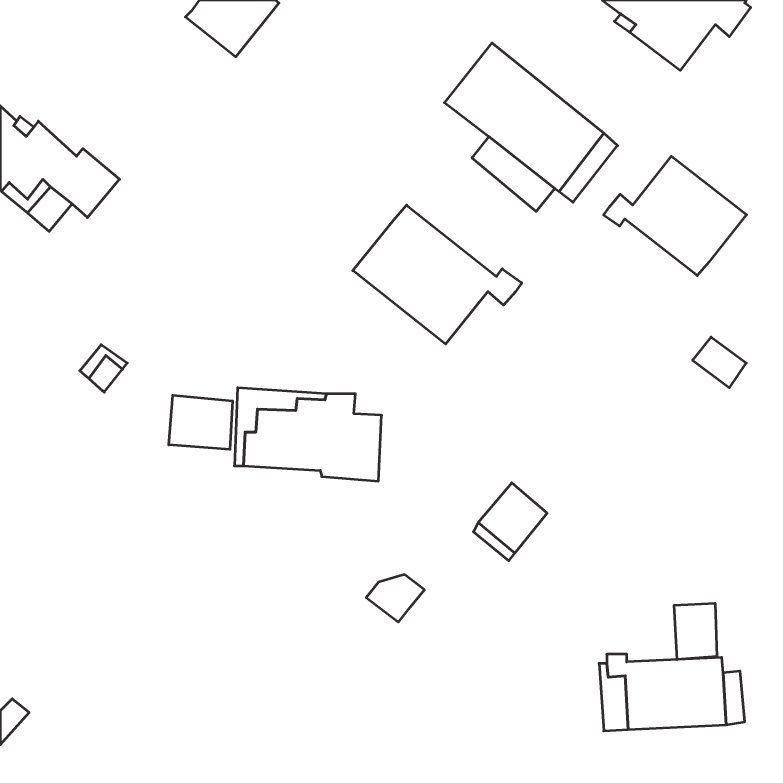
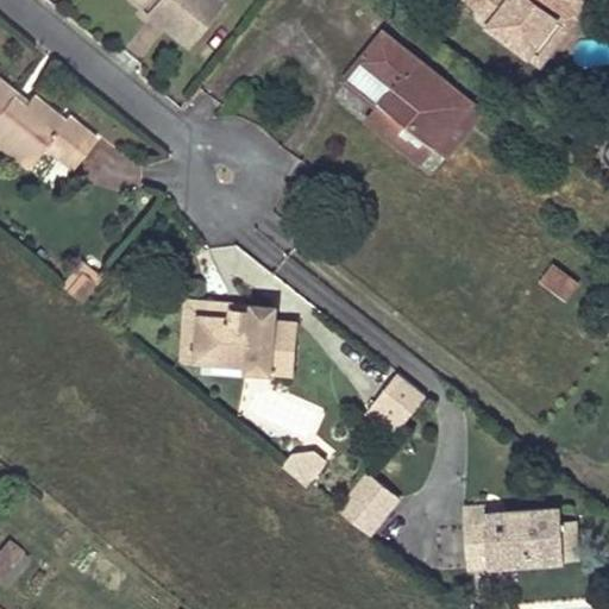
building: [604,156,747,276] -> none
building: [353,205,522,344] -> none
building: [169,395,233,449] -> none
building: [674,603,717,660] -> none
building: none -> [337,472,397,534]

